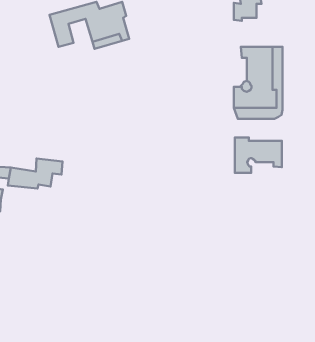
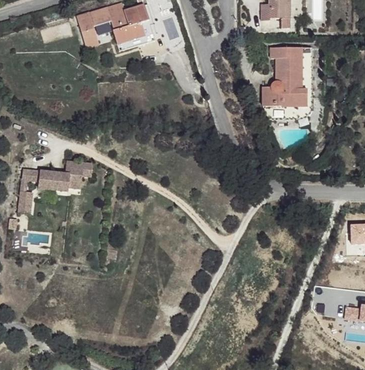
building: [235,138,282,173] -> none

